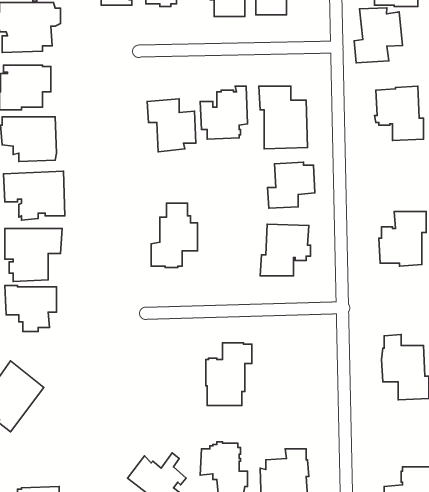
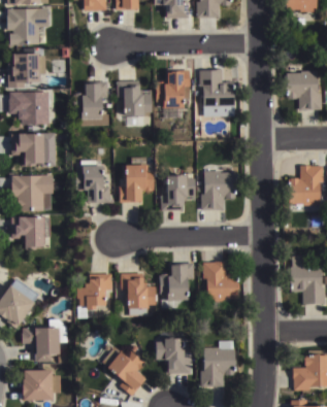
building: [354,8,403,63] -> none
building: none -> [73,82,108,127]
building: [267,162,315,208] -> [161,178,196,212]
building: none -> [74,161,110,206]
building: none -> [207,260,240,307]
building: none -> [76,272,112,307]
building: none -> [121,272,158,315]
building: none -> [21,317,67,360]

